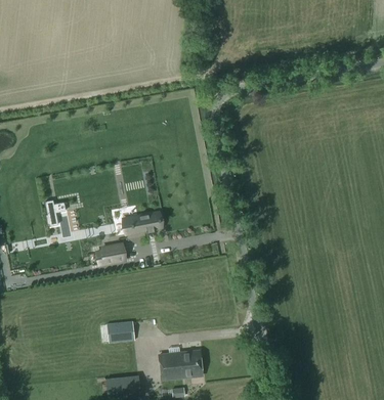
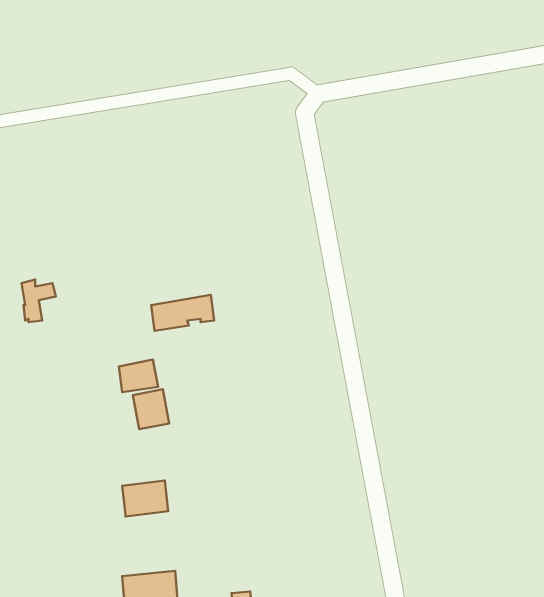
building: none -> [133,389,169,429]
building: [159,351,202,380] -> none

